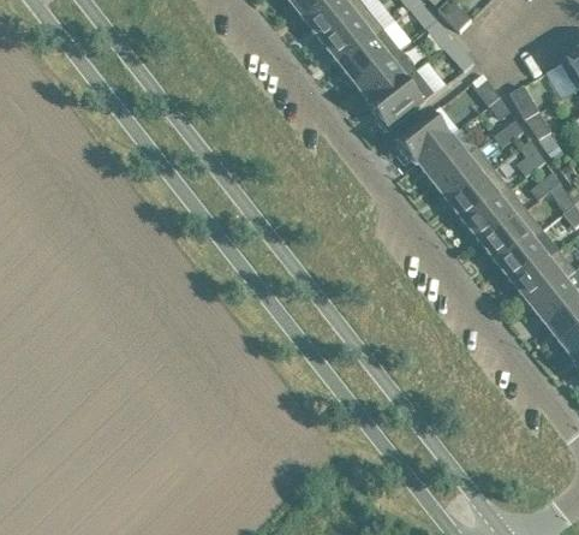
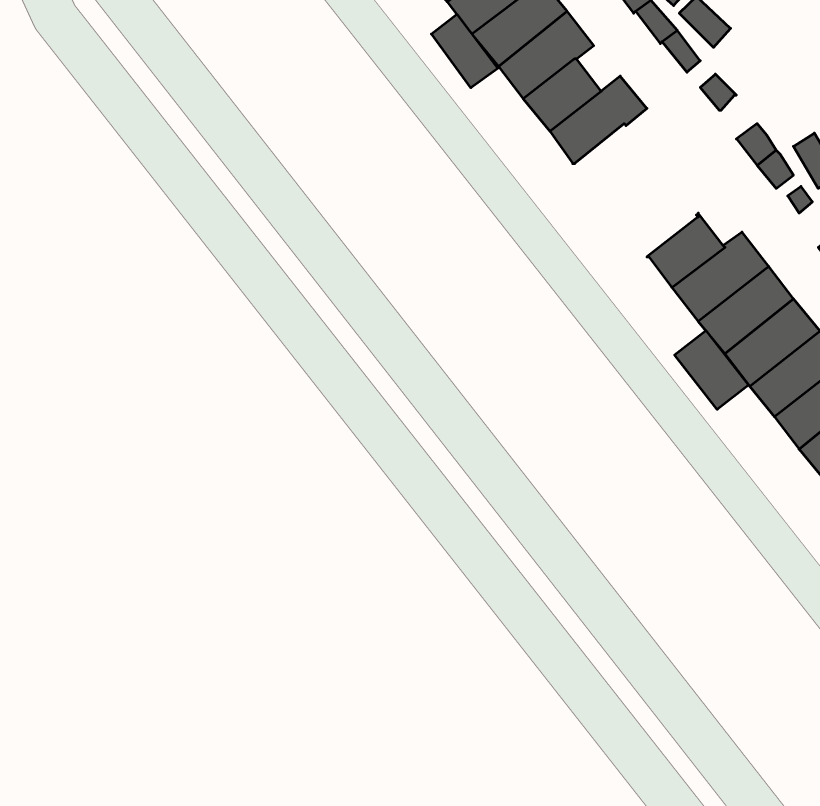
building: none -> [431,14,498,88]
building: [370,73,432,130] -> none
building: [396,114,450,166] -> none
building: none -> [675,331,748,409]

